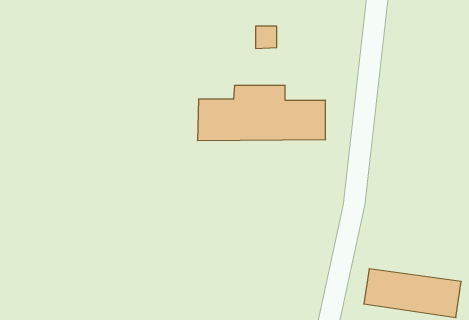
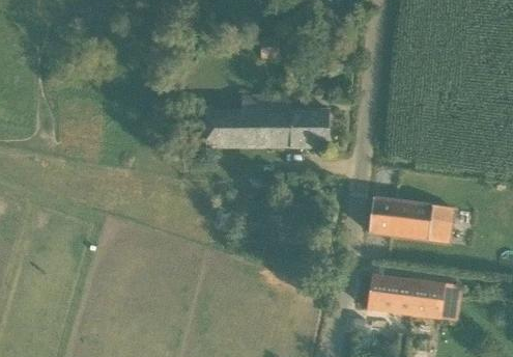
building: none -> [368,197,454,242]

